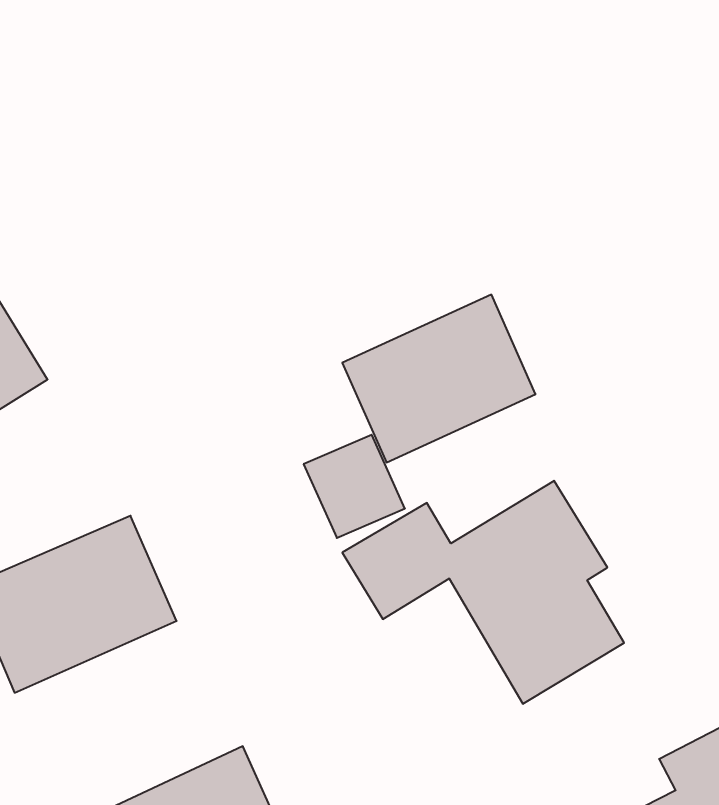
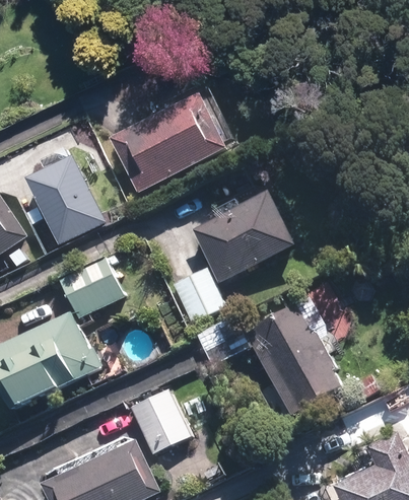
building: none -> [110,91,231,194]
building: none -> [26,157,103,242]
building: none -> [60,257,128,316]
building: none -> [130,390,188,452]

